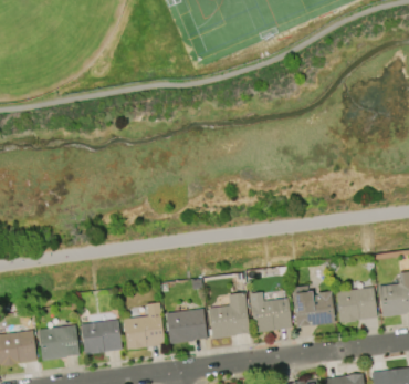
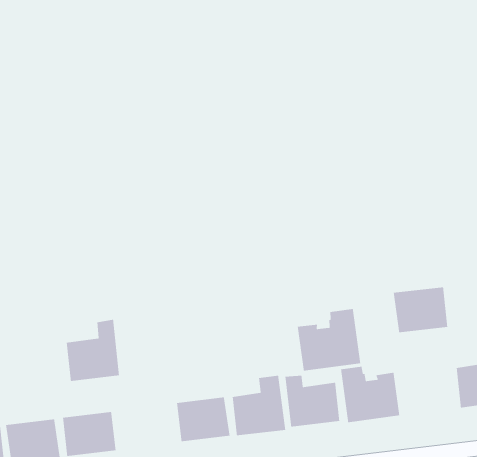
building: none -> [297,308,361,371]
building: [335,287,377,322] -> [393,286,448,333]
building: [124,302,165,350] -> [66,319,120,382]

